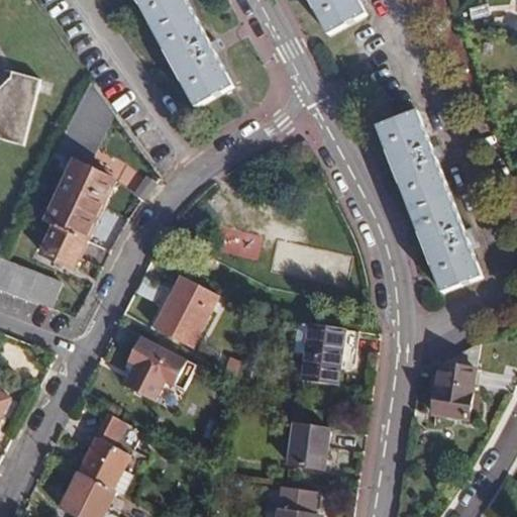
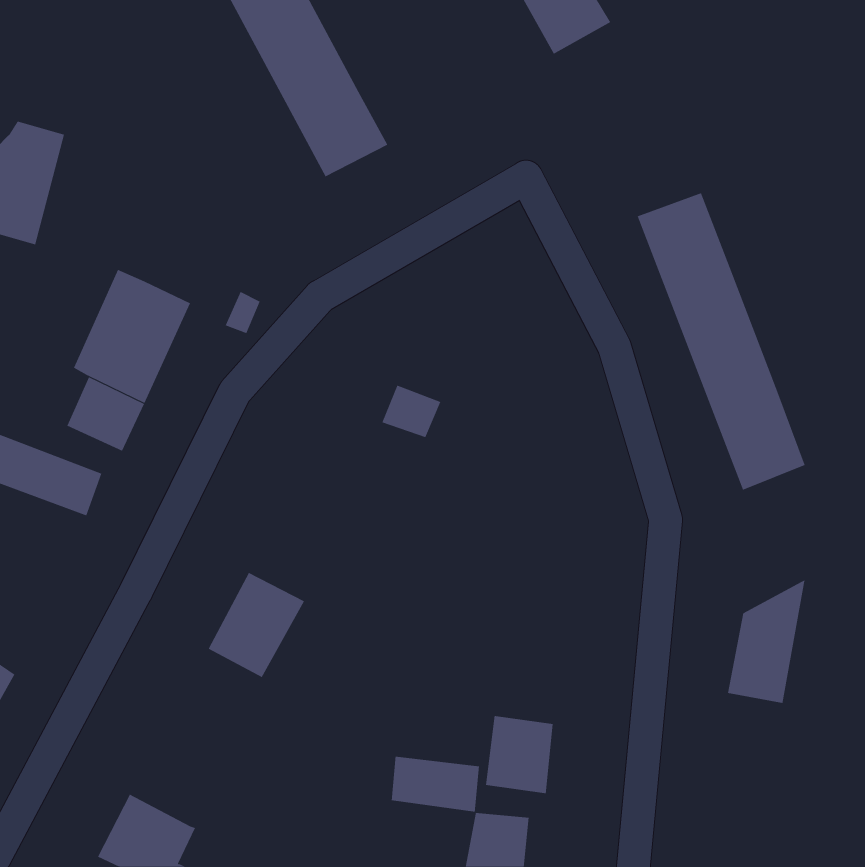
building: [153,276,218,347] -> none
building: [301,324,344,385] -> none
building: [77,415,138,490] -> none
building: none -> [391,756,479,812]

